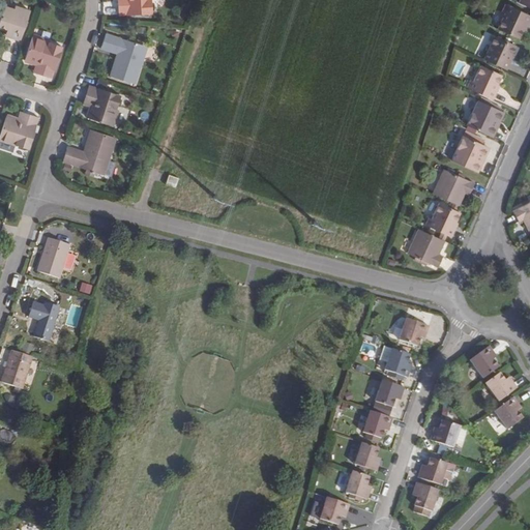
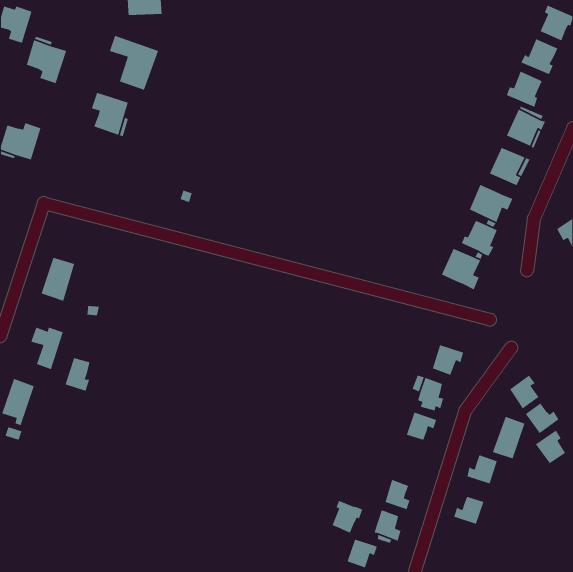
building: [62,129,115,176] -> none
building: none -> [65,357,90,392]
building: none -> [492,416,525,460]
building: [363,410,392,442] -> none
building: none -> [332,500,363,534]
building: [413,482,438,514] -> none

